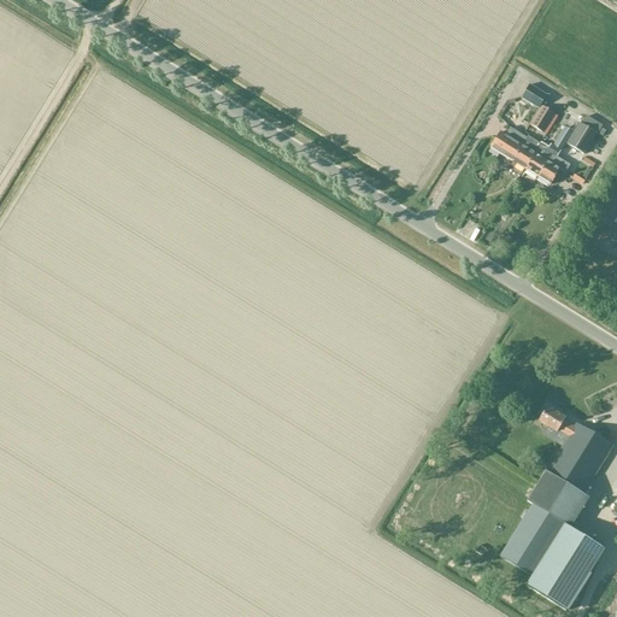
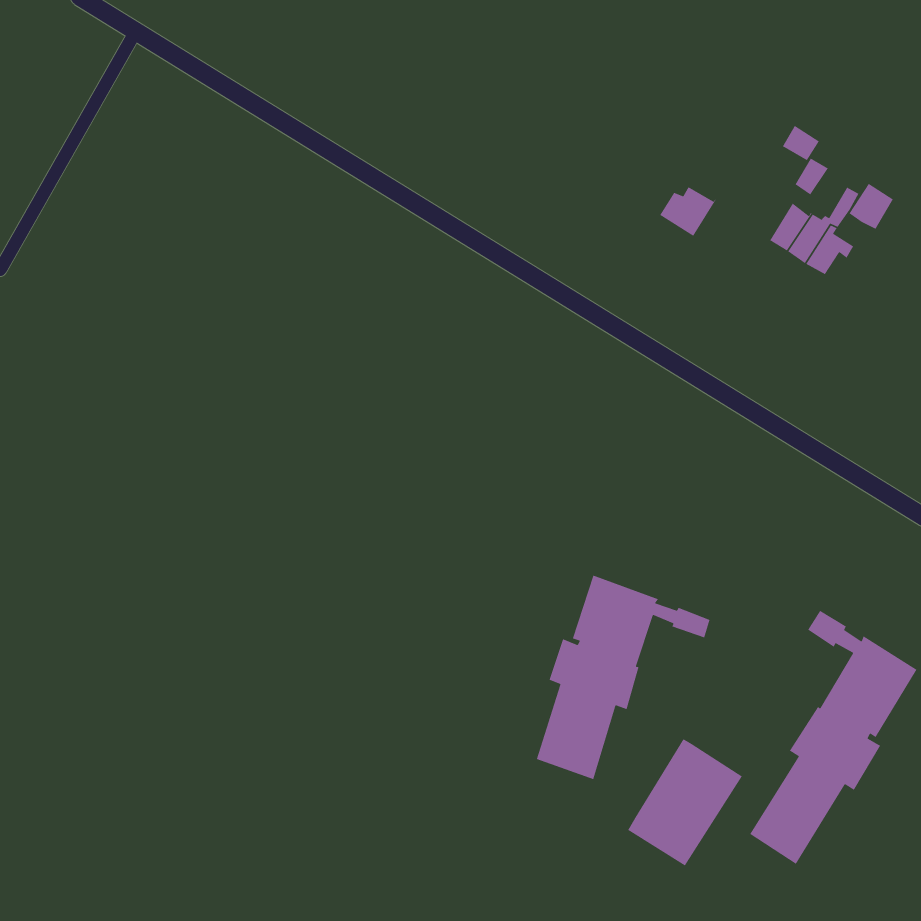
building: [492,127,530,160] -> [659,186,717,237]
building: none -> [536,574,710,780]
building: [528,523,605,609] -> [627,738,743,867]

